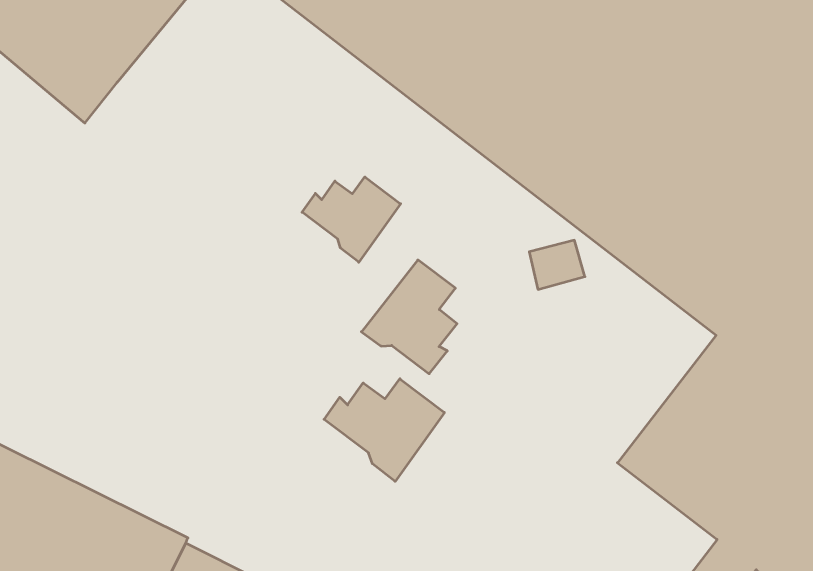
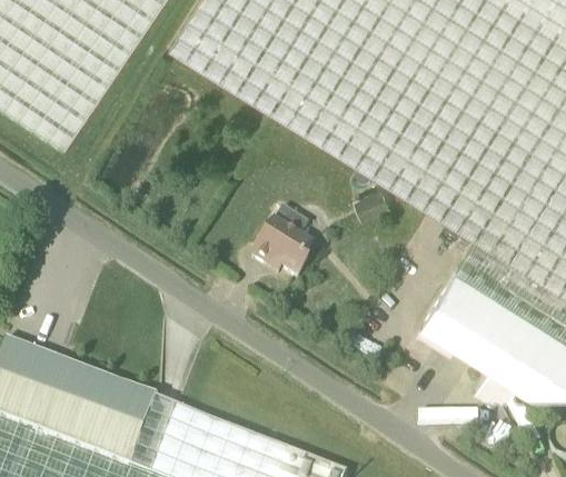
building: [302,177,401,262] -> none
building: [324,379,444,481] -> none

